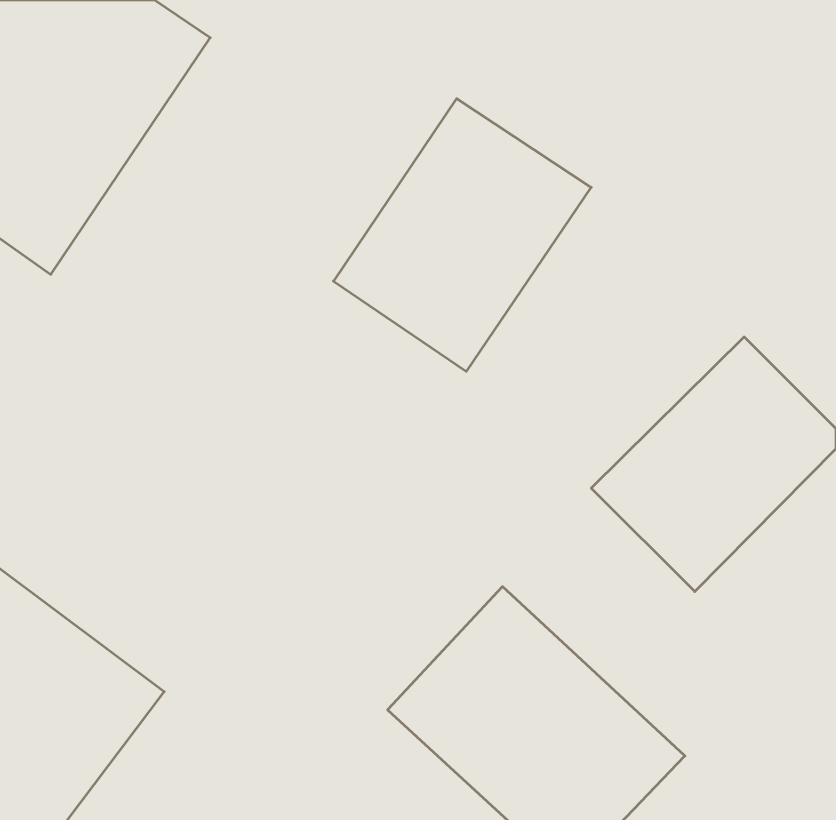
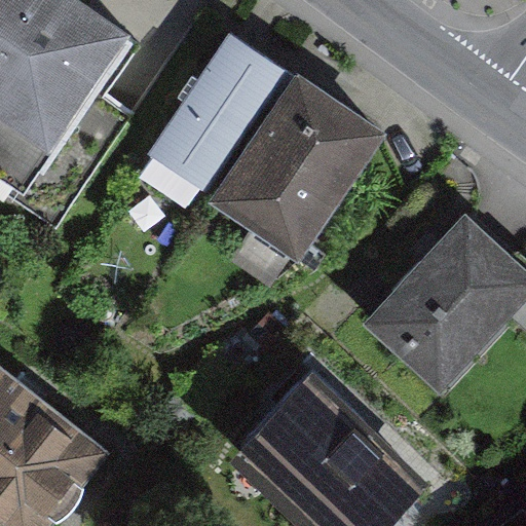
building: none -> [154,37,286,188]

